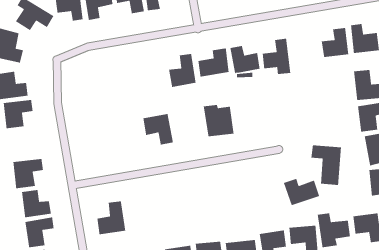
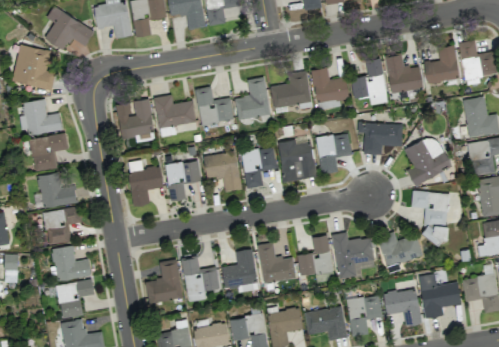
building: none -> [385,53,424,93]
building: none -> [196,86,234,124]
building: none -> [154,94,196,137]
building: none -> [120,98,154,137]
building: none -> [358,123,403,158]
building: none -> [317,133,351,173]
building: none -> [405,134,451,185]
building: none -> [241,146,277,188]
building: none -> [126,160,164,206]
building: none -> [165,160,201,201]
building: none -> [39,172,77,207]
building: none -> [333,232,375,278]
building: none -> [298,235,332,275]
building: none -> [258,242,296,282]
building: none -> [222,248,259,292]
building: none -> [182,256,220,302]

